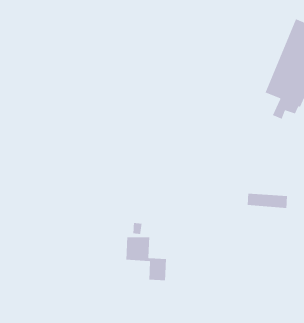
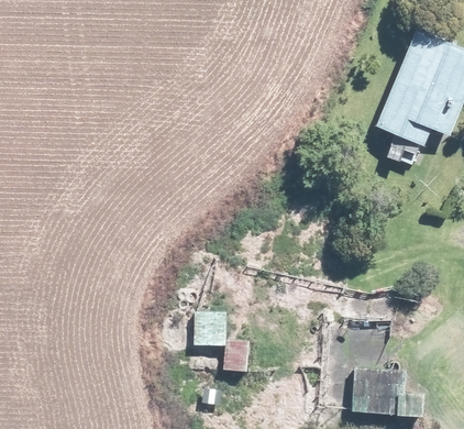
building: none -> [352,370,422,416]

